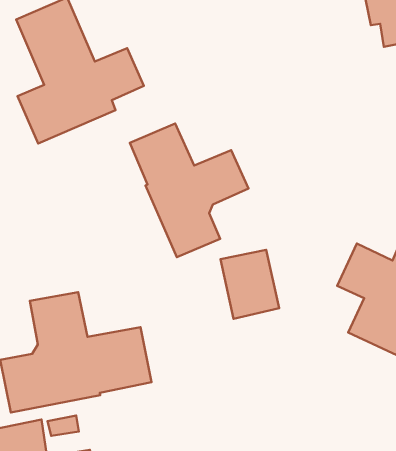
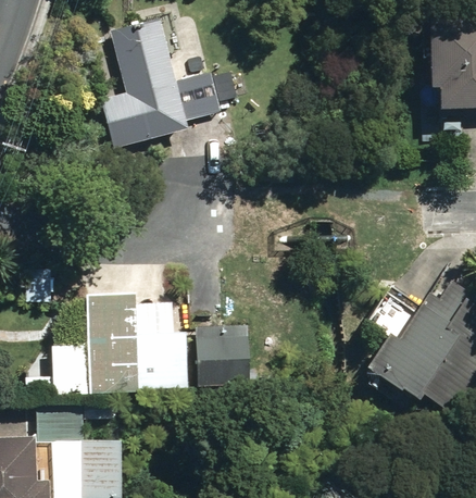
building: [130,123,249,257] -> none
building: [220,250,279,319] -> [199,331,246,389]

